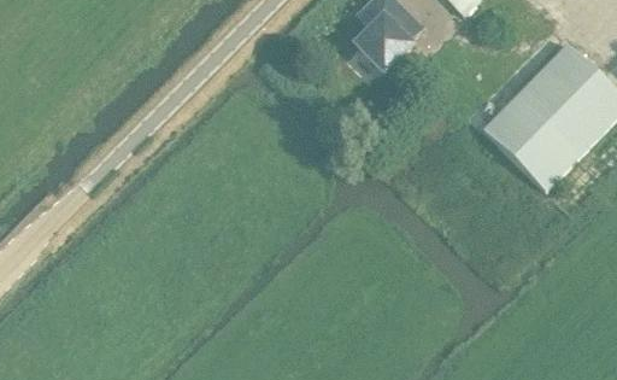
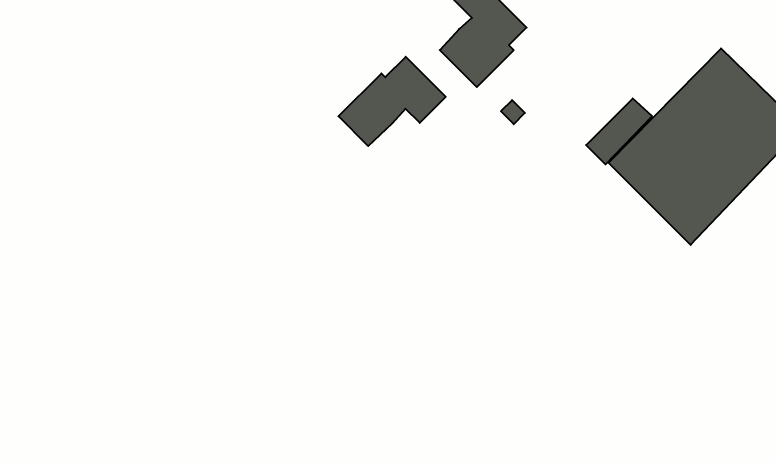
building: none -> [338,57,446,146]

